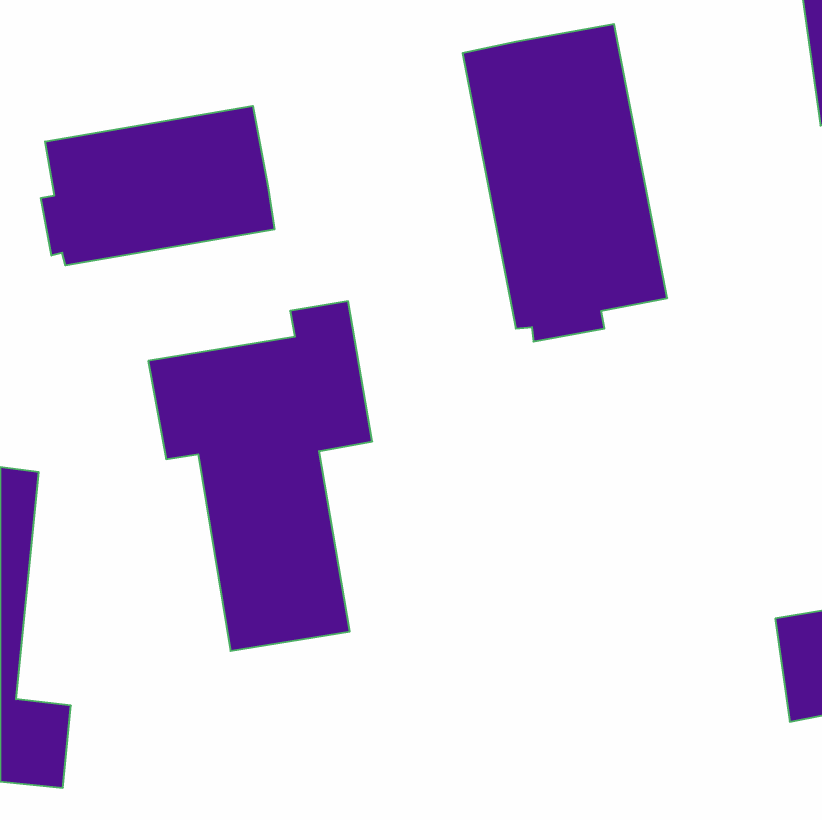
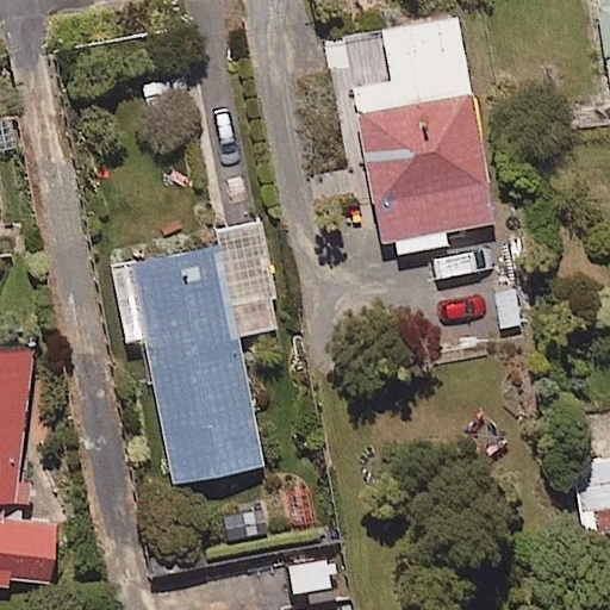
building: [41,106,274,265] -> none

